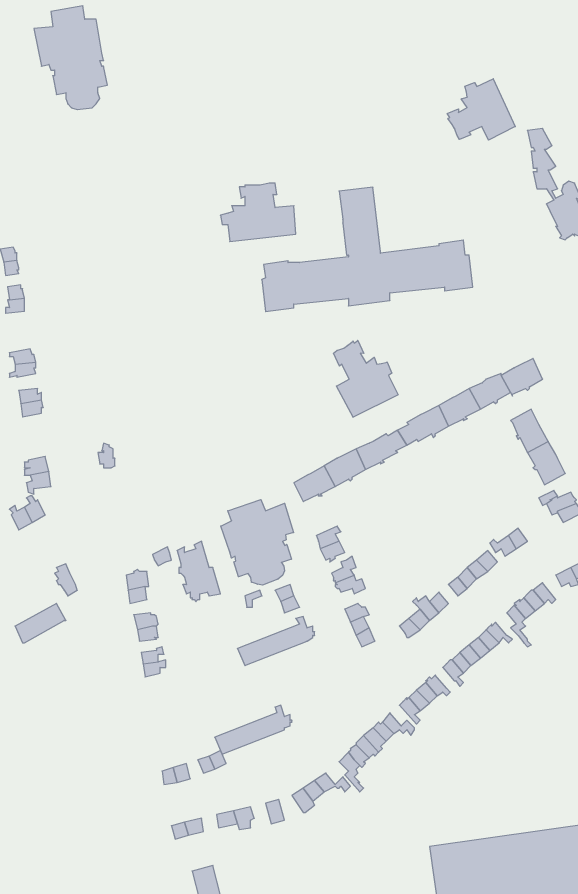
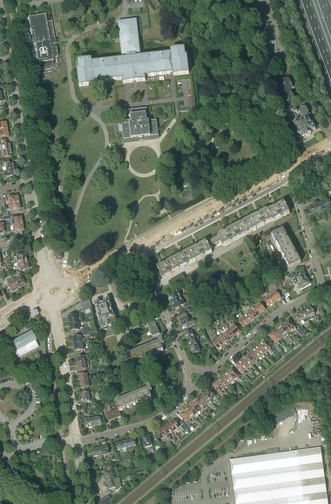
building: [447,79,515,140] -> none
building: [262,187,473,312] -> [76,18,188,84]
building: [334,340,398,417] -> none
building: [221,500,294,585] -> none

